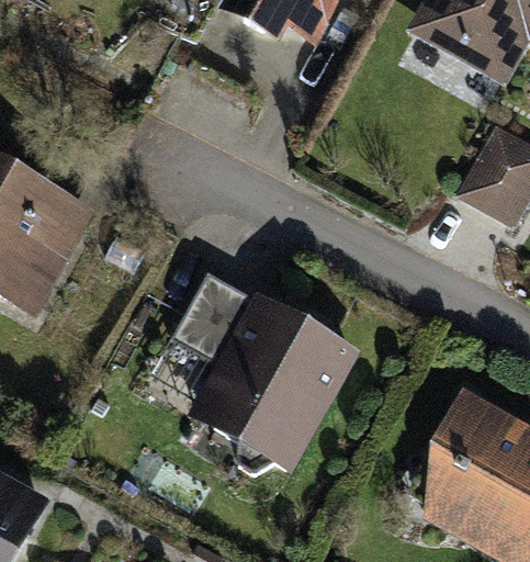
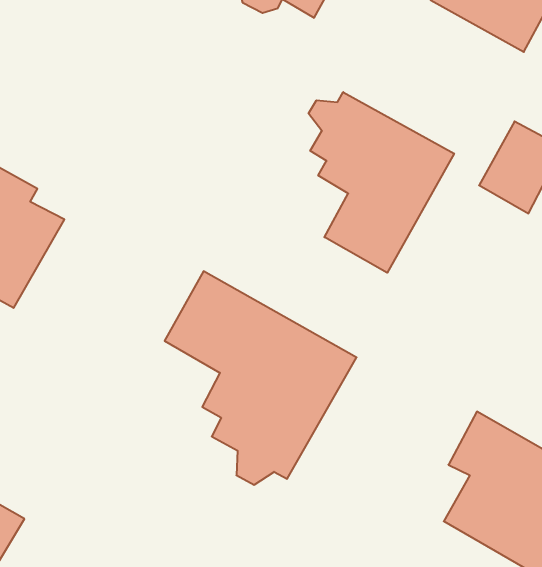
building: none -> [309,92,454,273]

